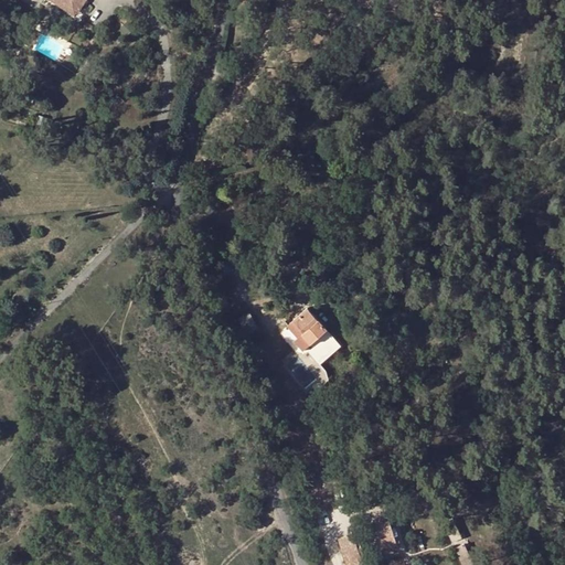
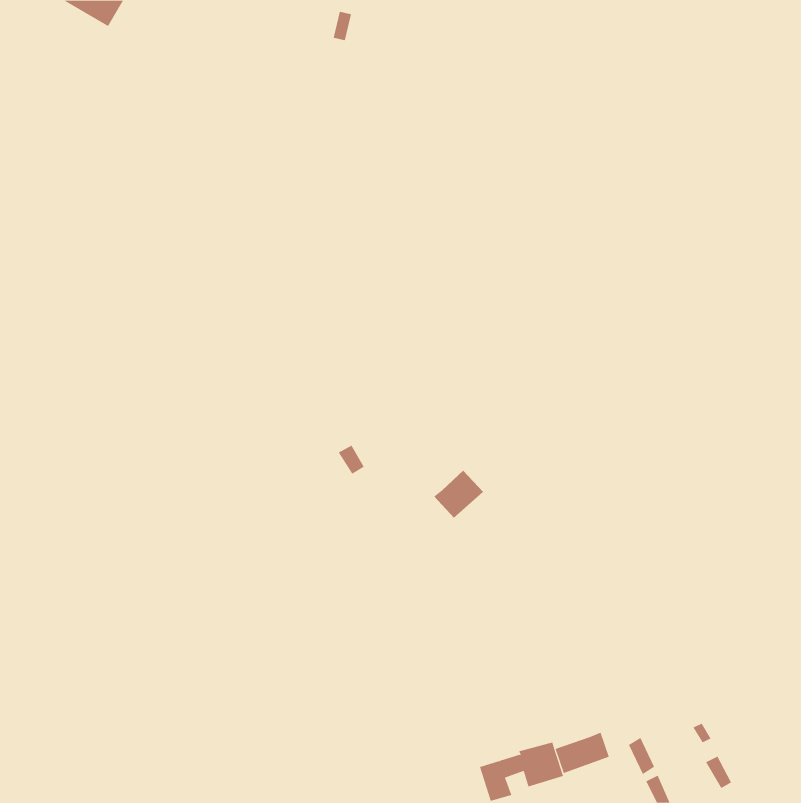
building: [287,308,326,344] -> none
building: none -> [555,732,609,774]

